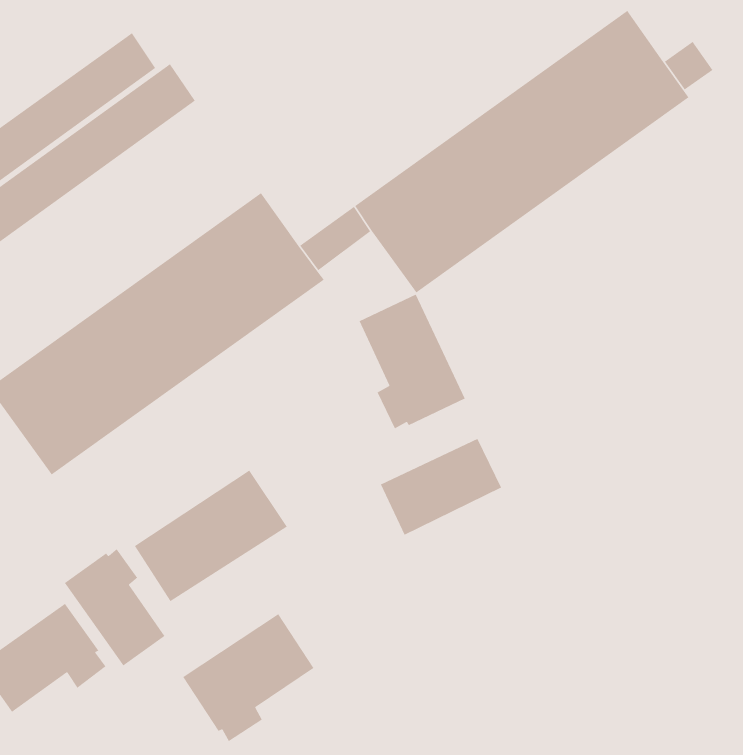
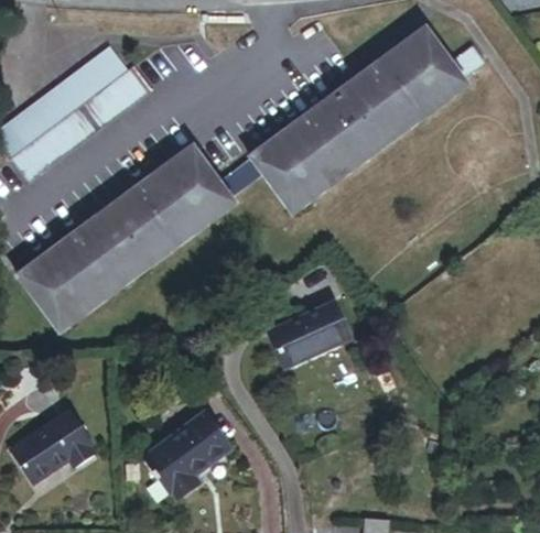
building: [359,293,466,429] -> none
building: [134,469,288,602] -> none
building: [64,548,165,666] -> none

